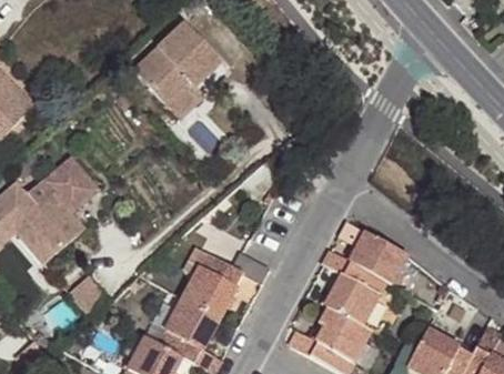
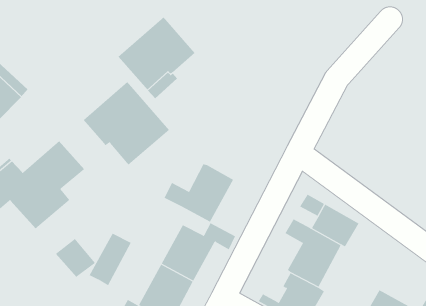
building: none -> [83,81,170,166]
building: none -> [164,164,234,222]
building: none -> [89,233,132,286]

